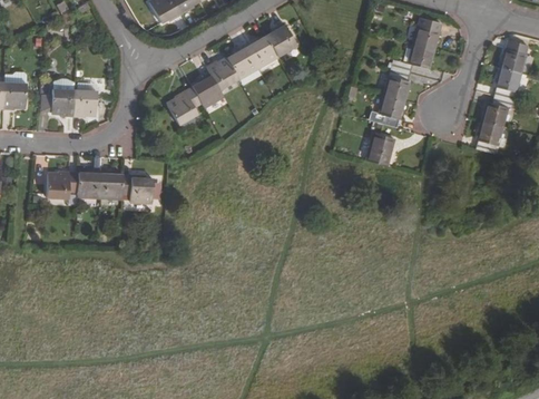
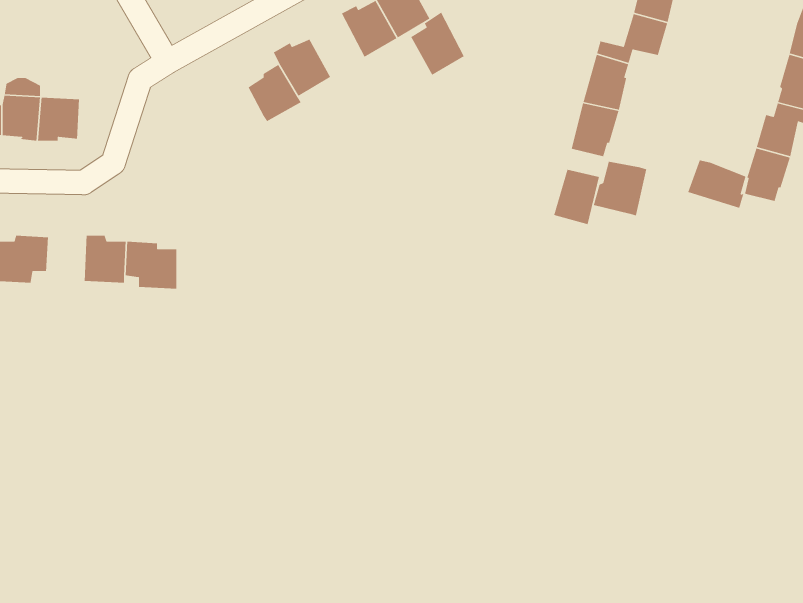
building: [227,43,258,80] -> [410,12,465,76]
building: [167,86,200,123] -> none
building: none -> [687,160,747,209]
building: none -> [593,161,647,217]
building: [76,169,99,197] -> none

